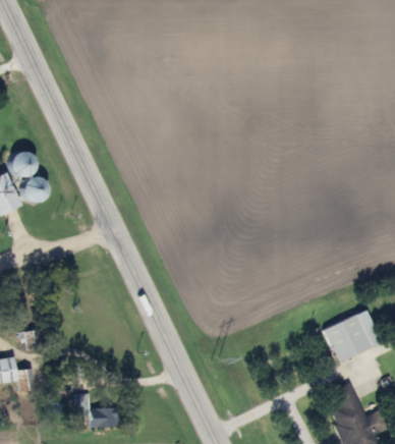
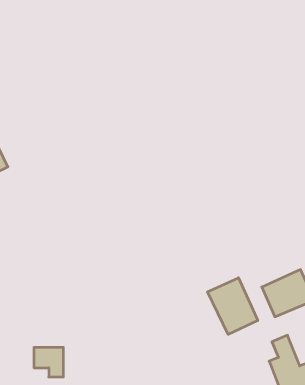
building: none -> [208,278,258,334]

